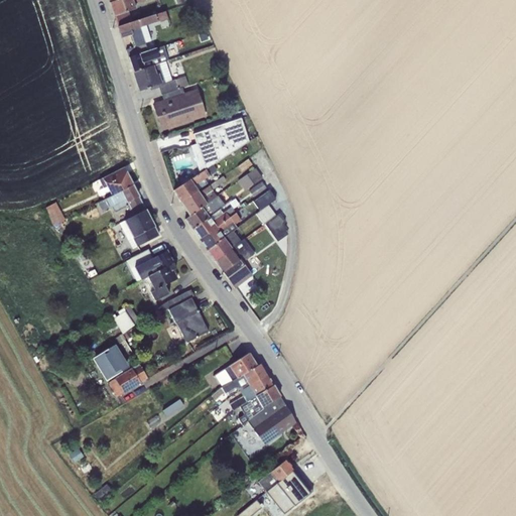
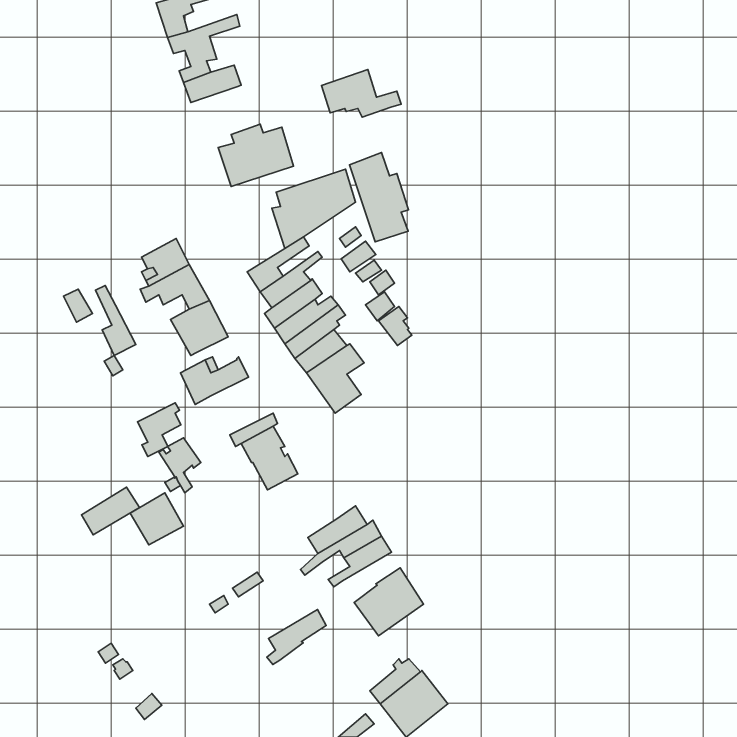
building: [134,60,189,94] -> [322,70,401,117]
building: none -> [350,153,408,242]
building: none -> [95,286,136,355]
building: [148,263,178,300] -> [138,403,181,456]
building: [109,364,149,397] -> [82,487,139,535]
building: [239,385,280,423] -> [267,610,326,664]

